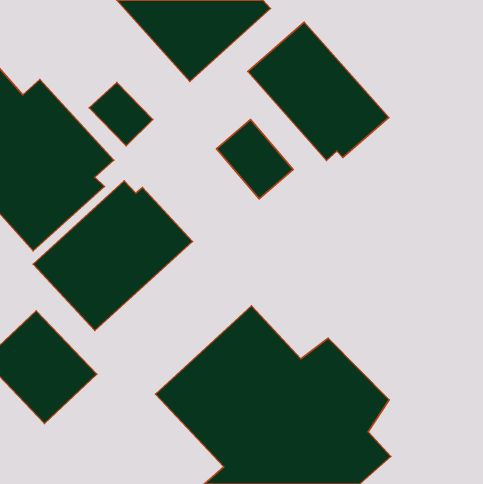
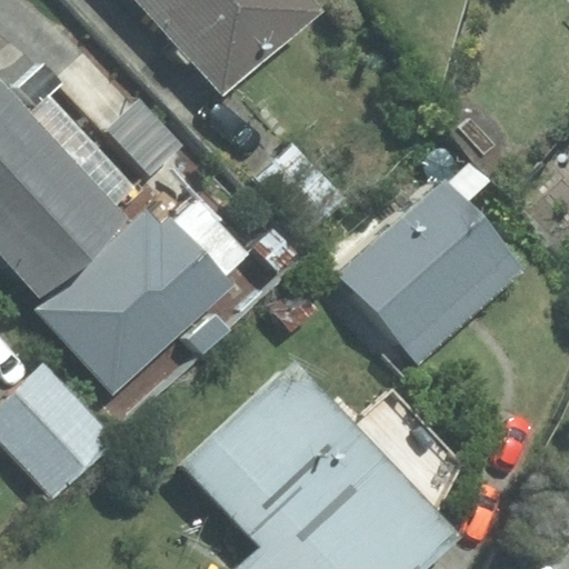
building: [248,22,389,160] -> none
building: none -> [338,164,521,363]

